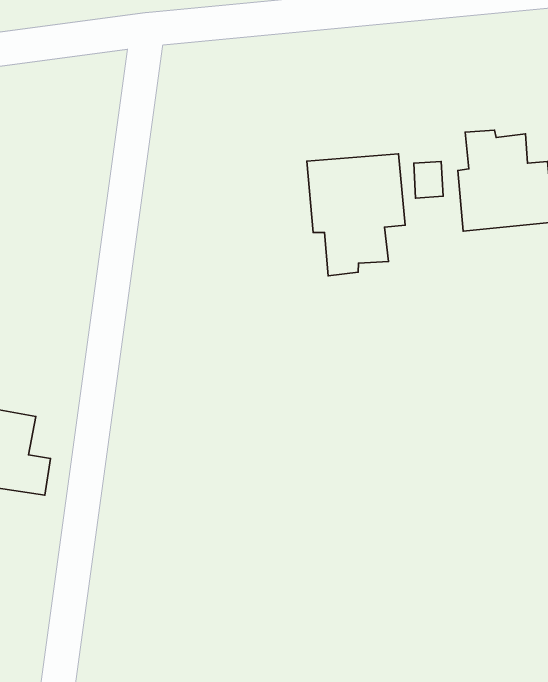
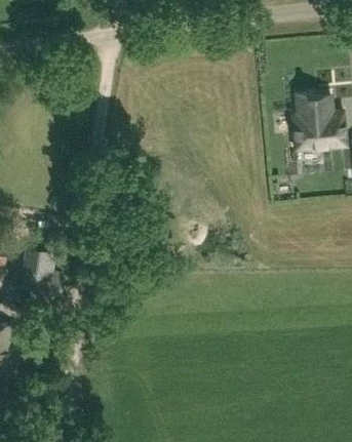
building: [307,154,405,276] -> none

